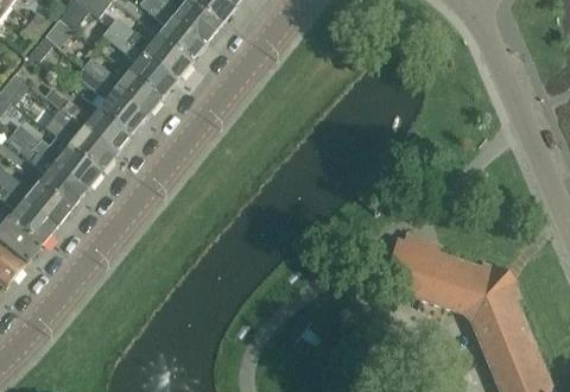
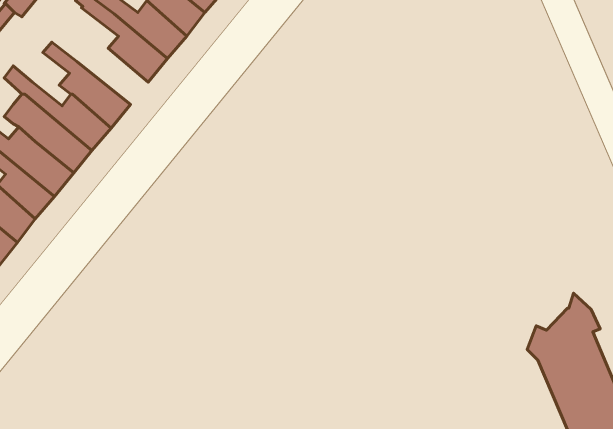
building: [83,57,160,116] -> none
building: [382,239,500,312] -> none

